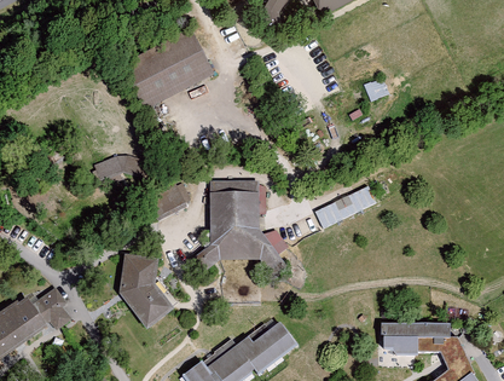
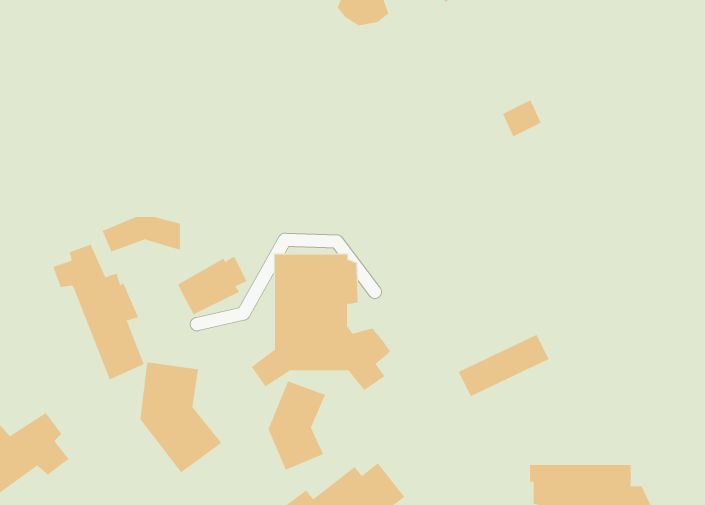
building: [126,35,216,111] -> none
building: none -> [53,244,145,380]
building: [314,186,376,229] -> [458,334,549,397]
building: none -> [268,380,326,471]

